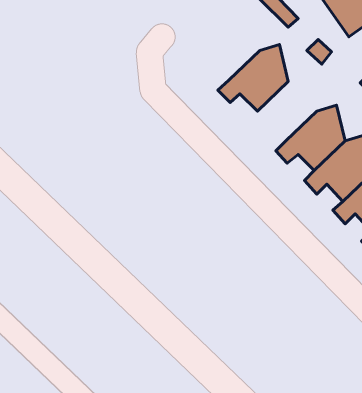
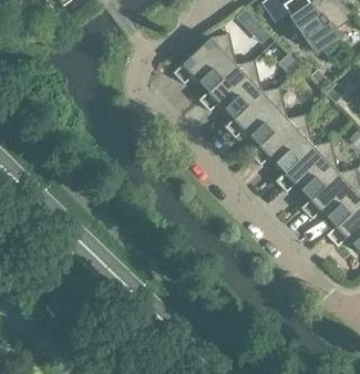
building: none -> [172,33,235,91]
building: none -> [223,86,286,145]

